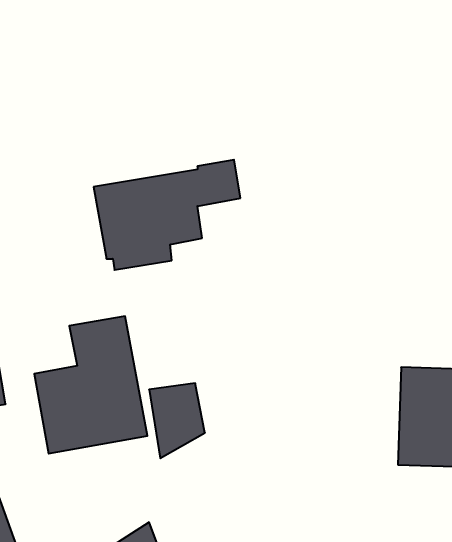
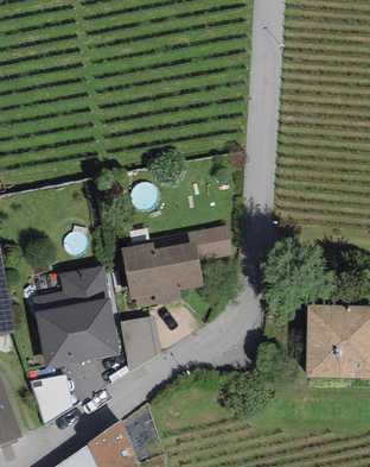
building: [94,160,240,270] -> [121,226,230,308]
building: none -> [28,374,72,425]

